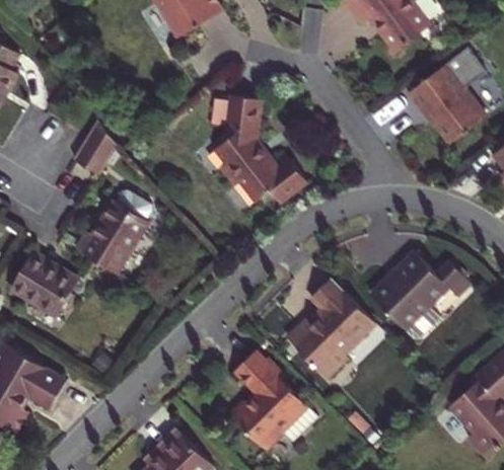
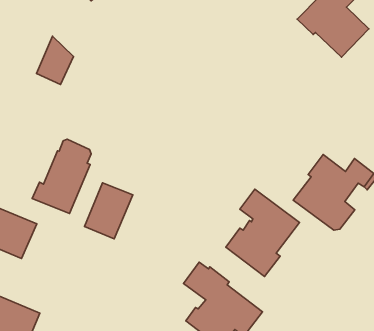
building: [215,94,306,203] -> none
building: [74,120,119,175] -> [37,36,73,84]
building: none -> [85,183,133,239]

